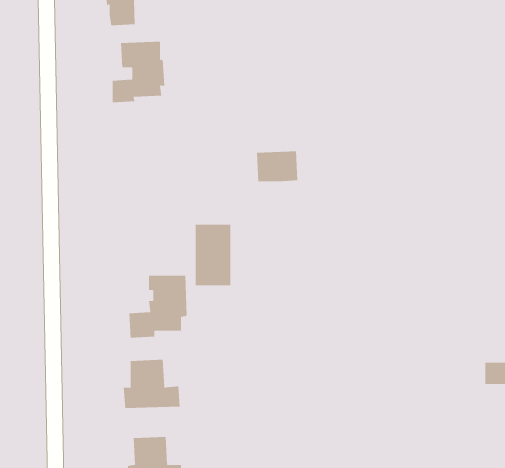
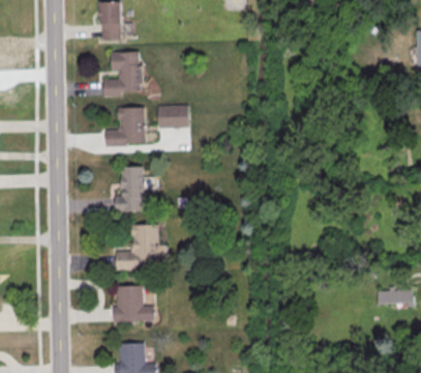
building: none -> [104,107,146,147]
building: [256,151,298,182] -> [157,106,188,128]
building: [195,224,231,286] -> [120,166,147,211]

